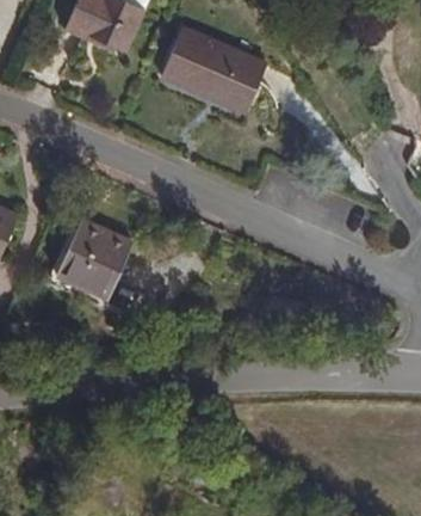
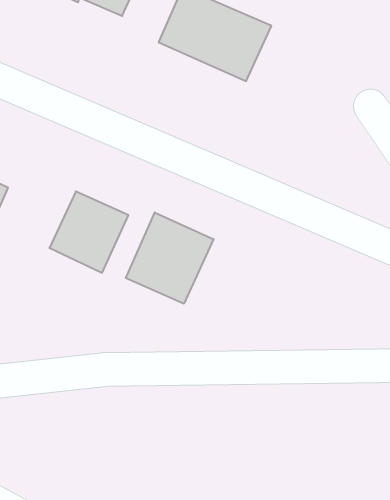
building: none -> [126,212,214,304]

